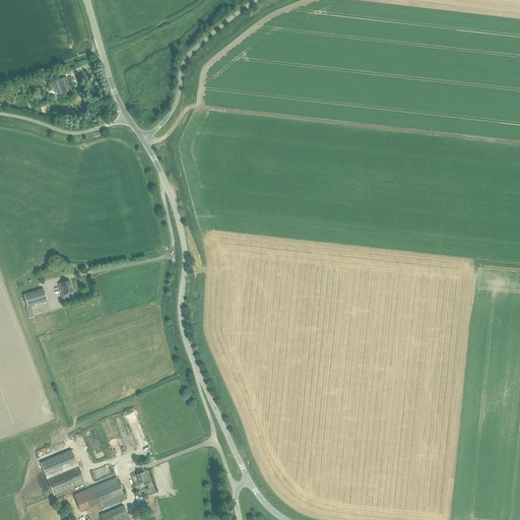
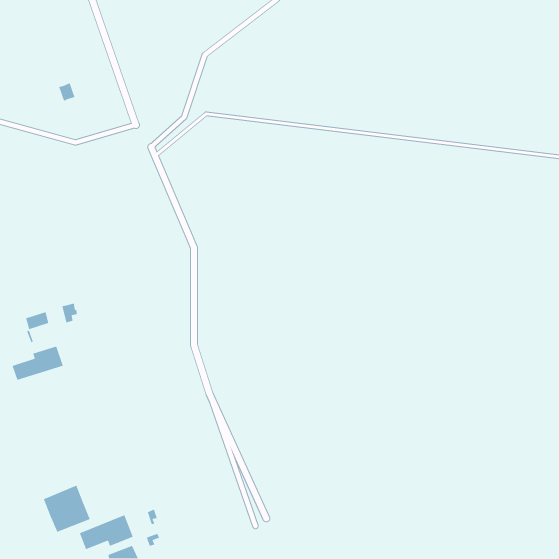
building: none -> [12,346,64,381]

